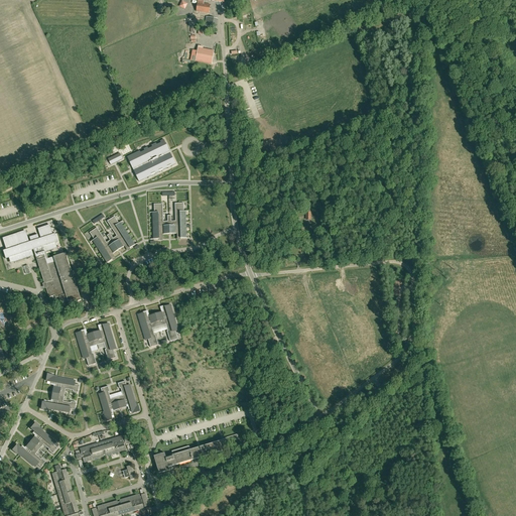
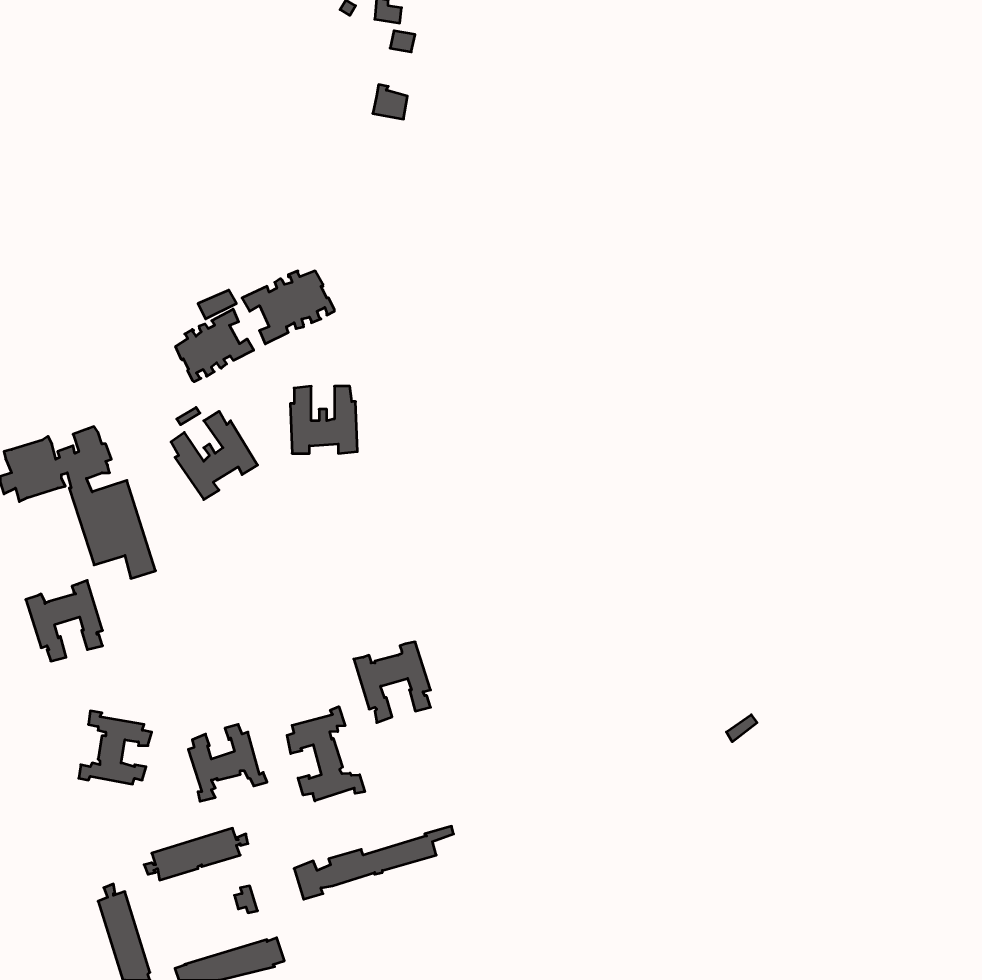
building: none -> [176,309,254,382]
building: [138,304,178,347] -> [354,642,431,723]
building: [76,322,116,365] -> [26,580,103,661]
building: none -> [287,707,365,801]
building: [12,421,57,467] -> none

